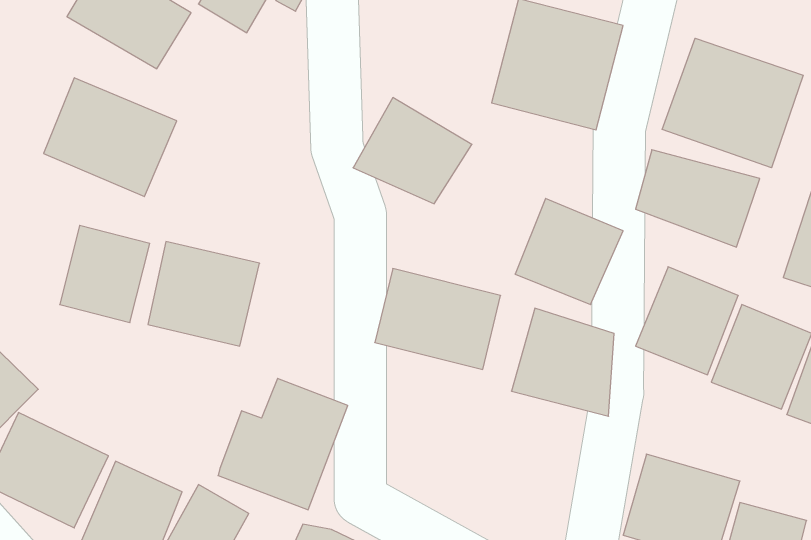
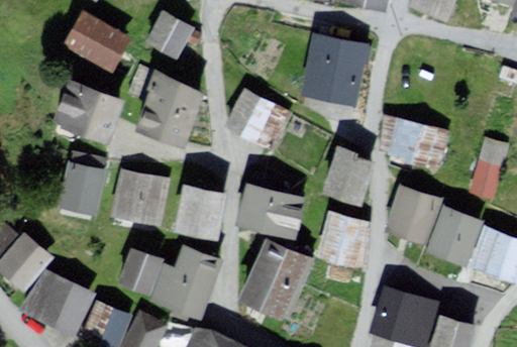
building: [662,38,803,168] -> none
building: none -> [129,74,203,151]
building: none -> [170,184,225,242]
building: none -> [234,238,315,323]
building: none -> [114,248,164,297]

